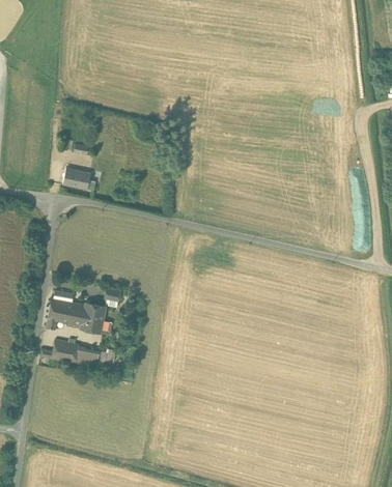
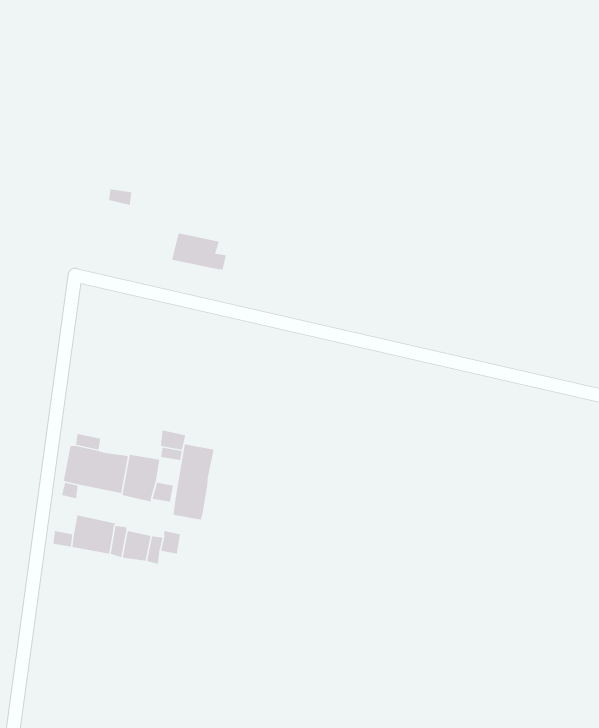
building: [62,169,95,192] -> [171,232,227,271]
building: none -> [172,443,215,520]

